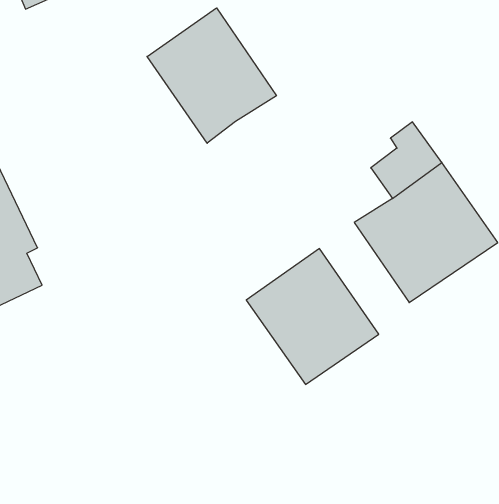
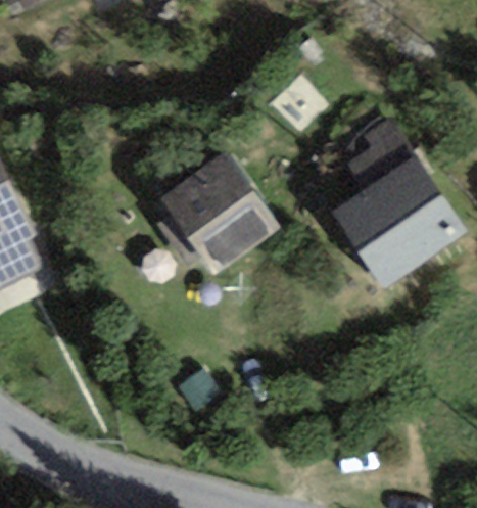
building: [147,8,276,143] -> none
building: [246,249,379,384] -> [158,149,282,276]

